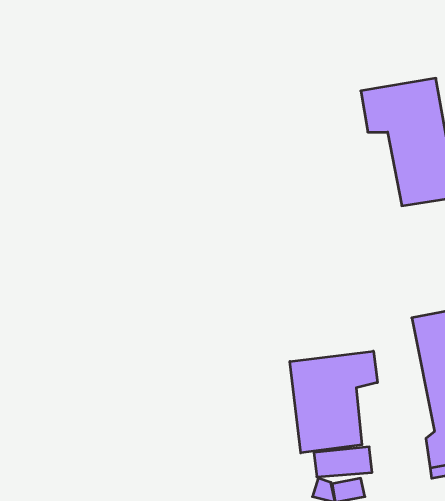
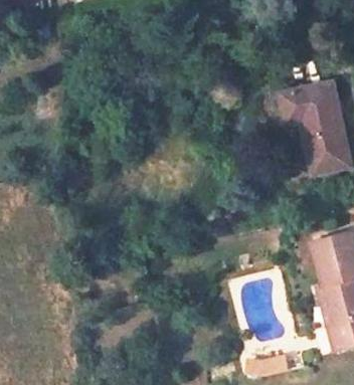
building: [290,351,377,453] -> none

